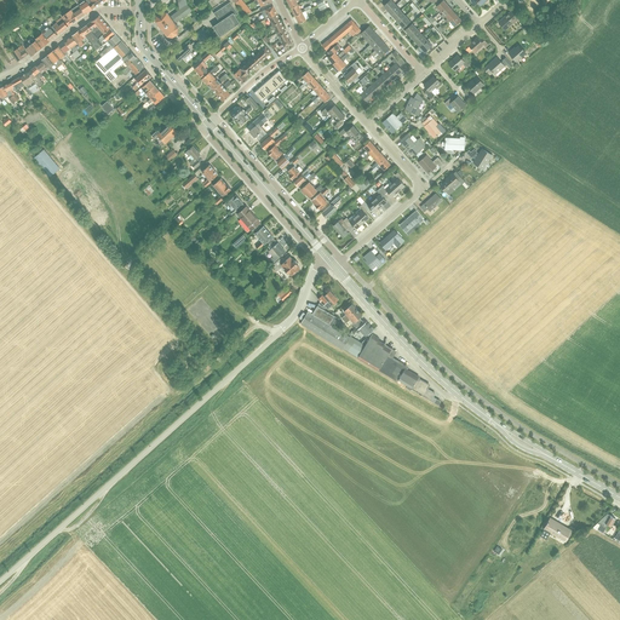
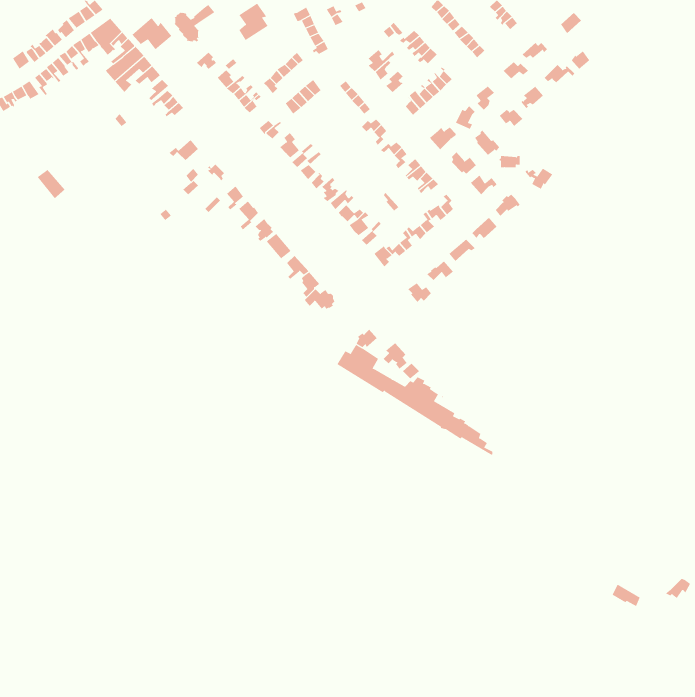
building: none -> [131,17,172,50]

